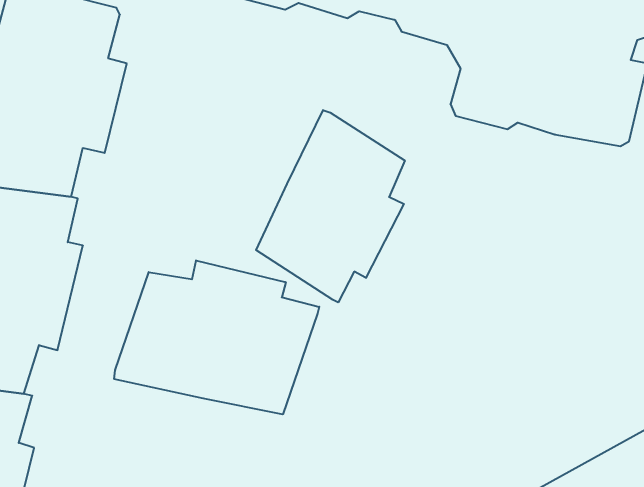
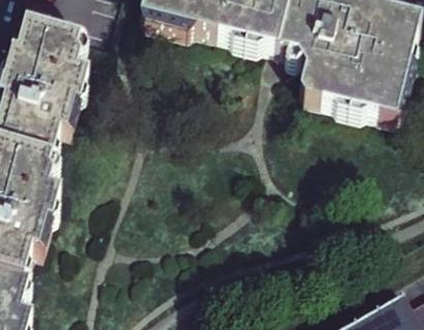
building: [256,110,405,302] -> none
building: [114,260,319,414] -> none

